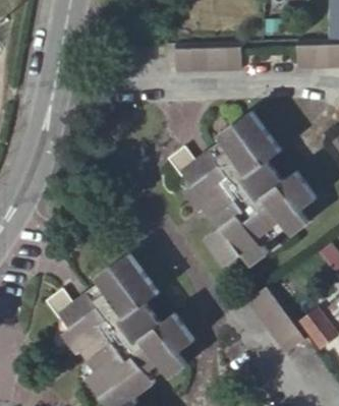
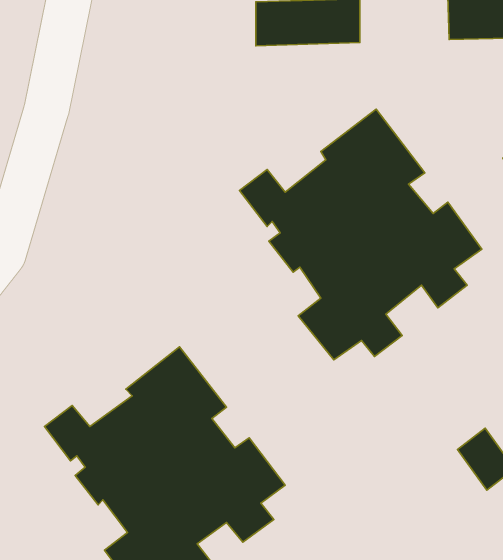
building: [244,284,306,354] -> none

